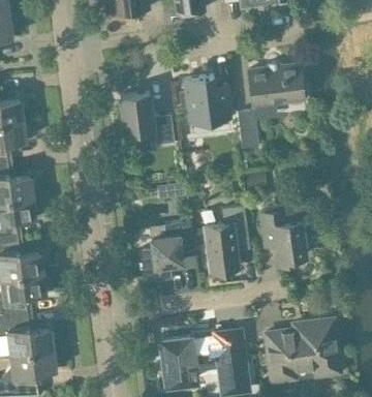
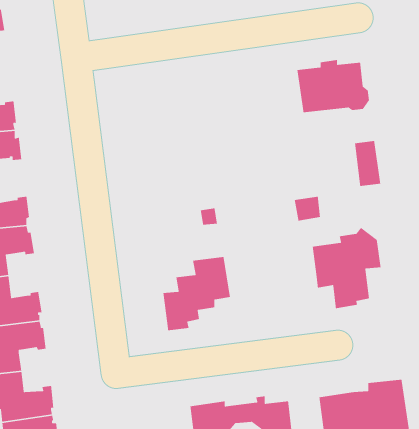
building: [183,75,229,123] -> none
building: [119,93,174,145] -> none
building: [237,111,258,148] -> [354,140,381,187]
building: [204,207,247,272] -> none

